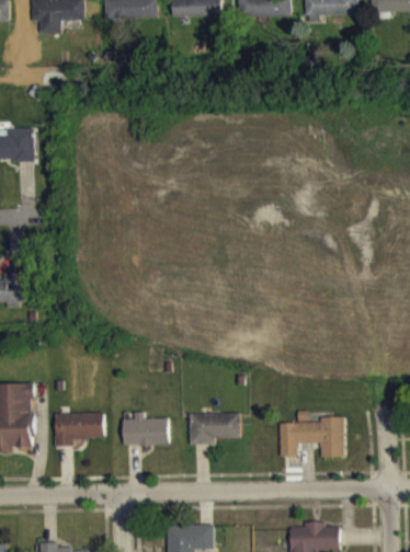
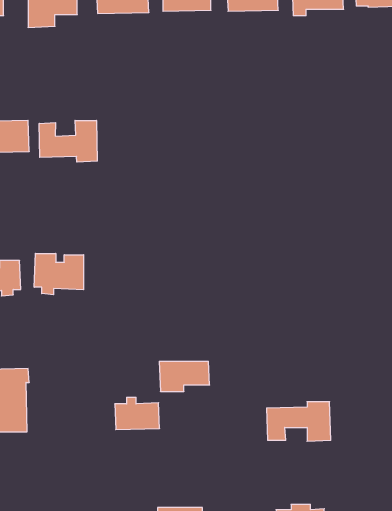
building: none -> [39,120,97,162]
building: none -> [34,253,84,295]
building: [55,412,104,446] -> none
building: [190,413,241,444] -> [159,361,210,391]

